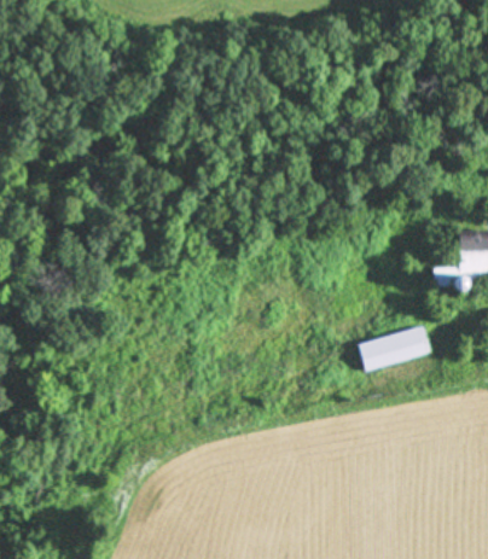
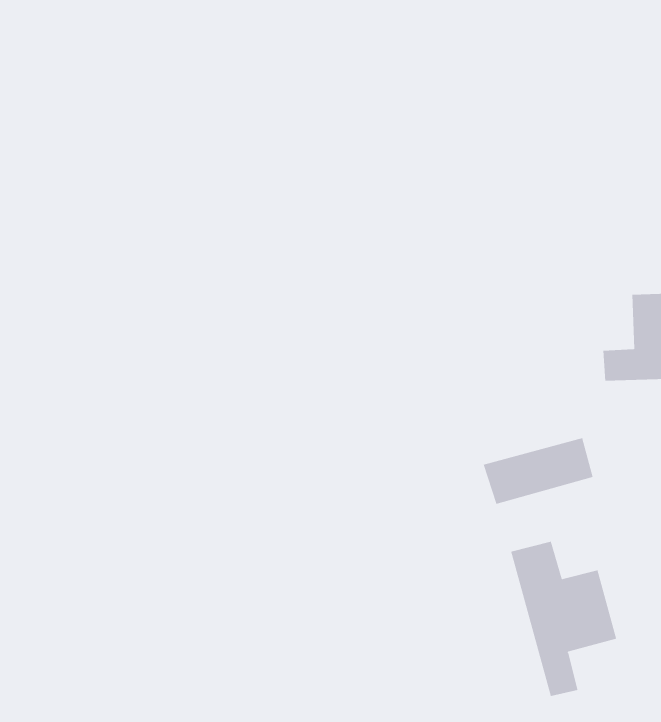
building: none -> [511,541,617,697]

